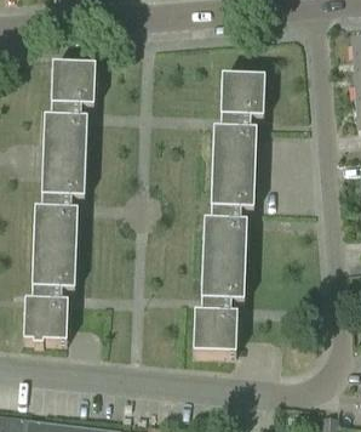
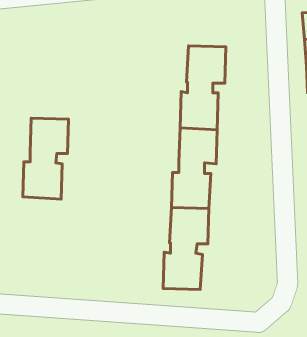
building: [42,66,94,160] -> none
building: [23,249,76,346] -> none

